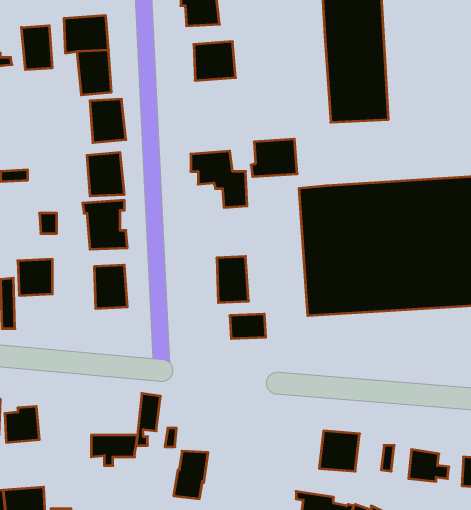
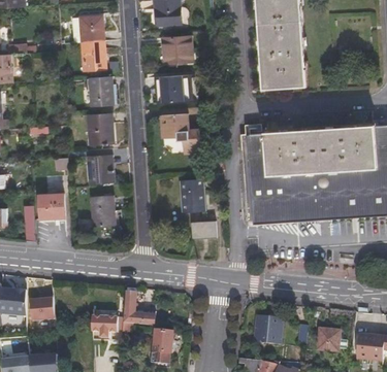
building: [21,26,52,70] -> none
building: [251,139,297,177] -> [159,74,192,101]

